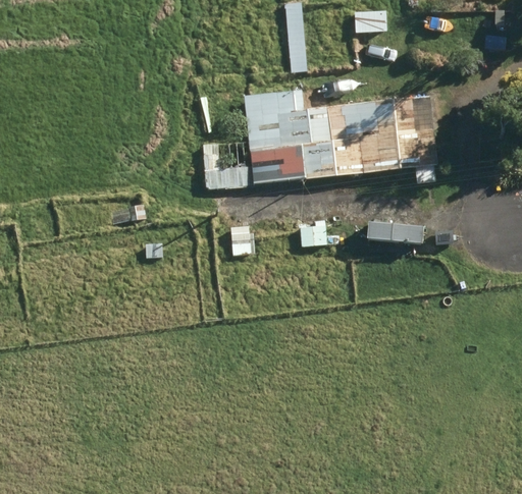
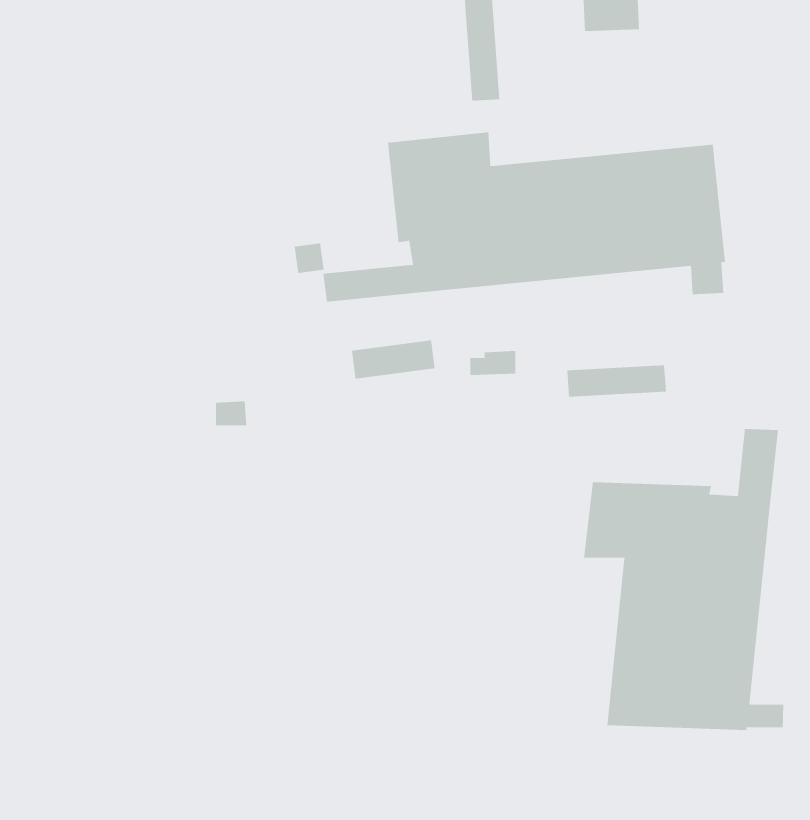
building: none -> [584,428,784,731]

